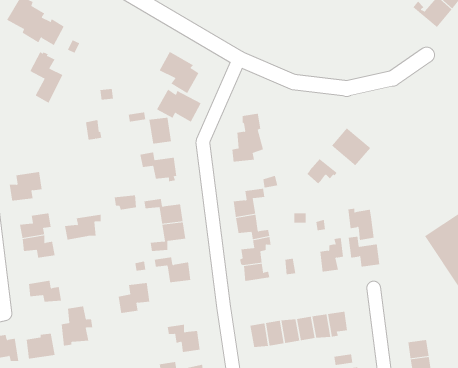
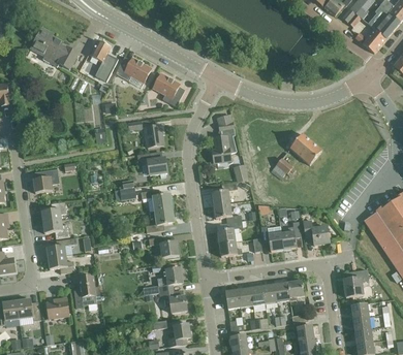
building: [30,52,63,103] -> [90,40,117,82]
building: [156,89,201,123] -> [115,56,151,83]
building: [347,208,375,240] -> [260,225,282,251]
building: [64,214,102,240] -> [45,237,75,258]
building: [118,282,150,313] -> [156,267,182,292]
building: none -> [342,268,368,296]

